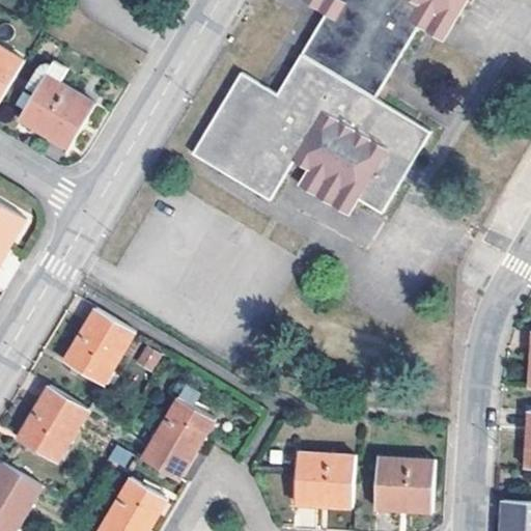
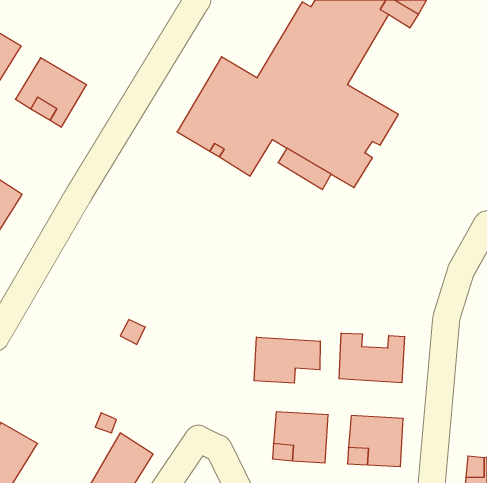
building: [62,308,132,384] -> none
building: none -> [339,333,405,383]
building: none -> [254,337,320,383]
building: [17,386,86,463] -> none
building: [140,396,214,479] -> none

